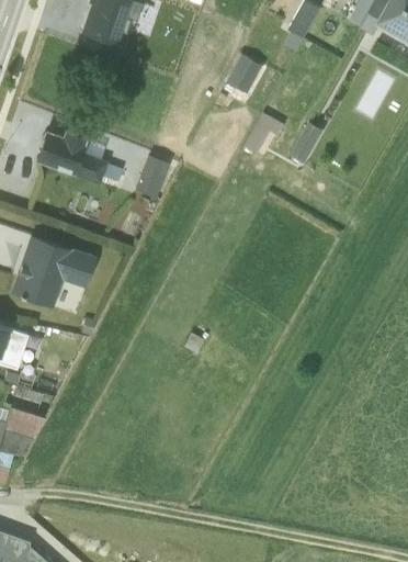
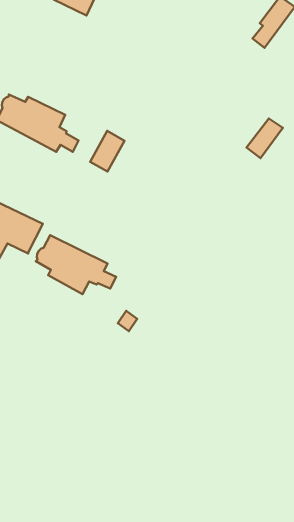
building: [226,54,263,93] -> none
building: [245,113,283,154] -> none
building: none -> [36,235,116,294]

